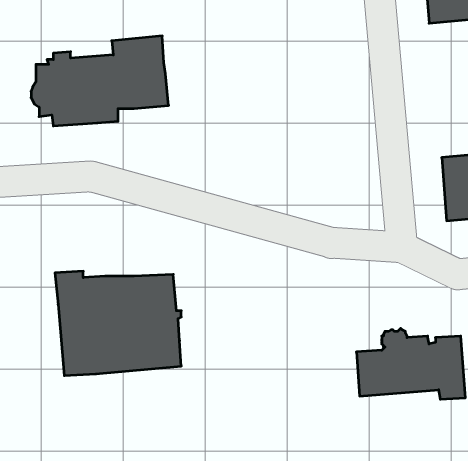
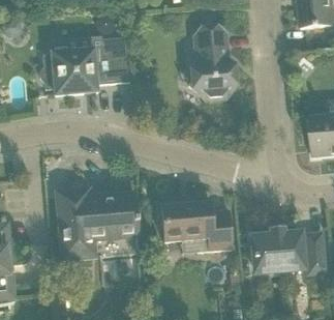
building: none -> [187,26,235,98]
building: none -> [155,199,231,251]

